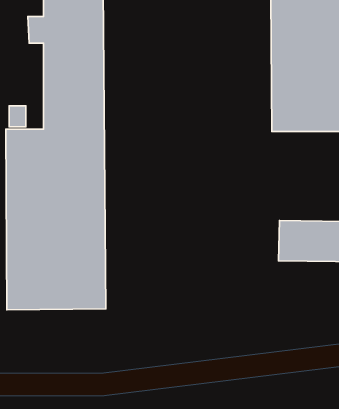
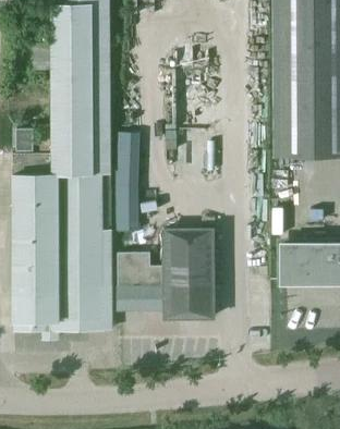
building: none -> [118,136,139,229]
building: none -> [118,230,214,317]

